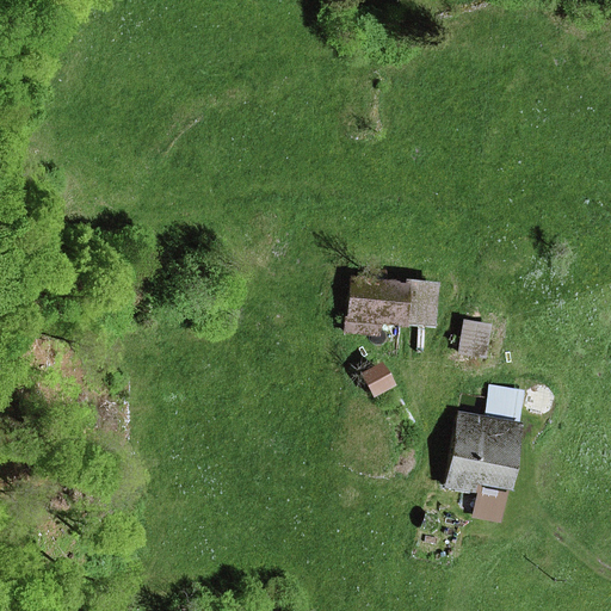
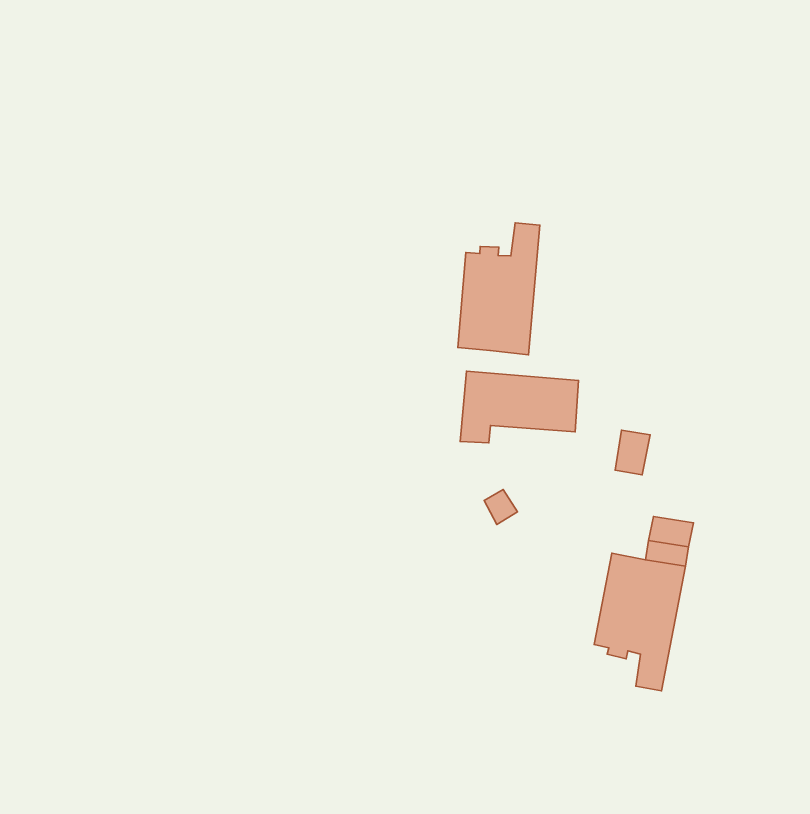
building: none -> [458,223,540,355]

